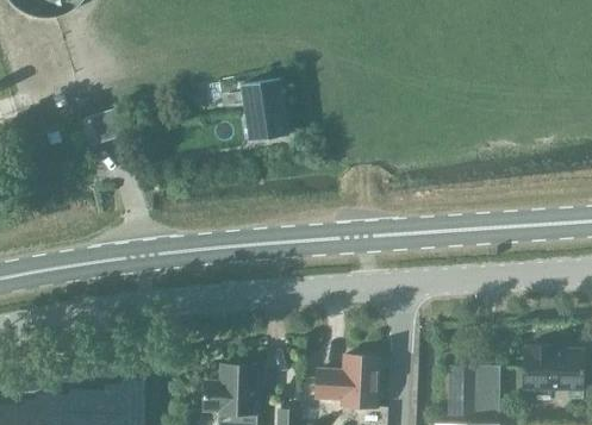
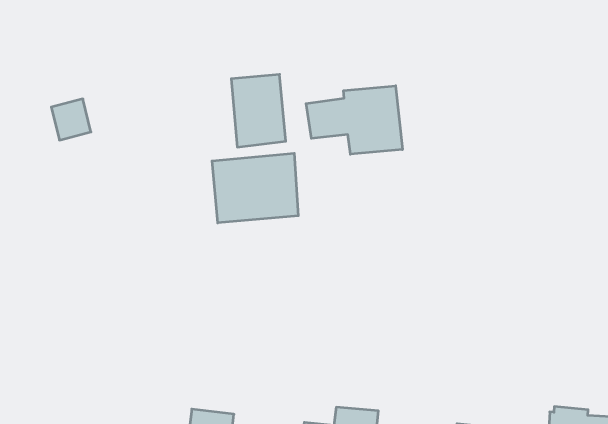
building: none -> [306,86,402,154]
building: none -> [212,153,298,223]

